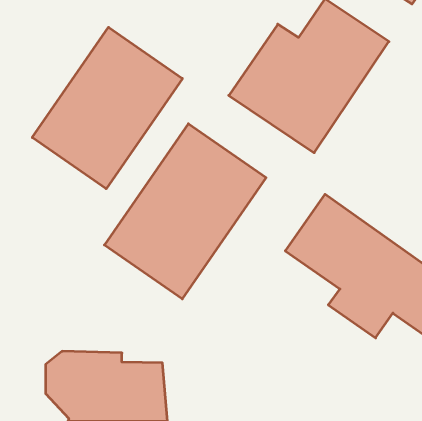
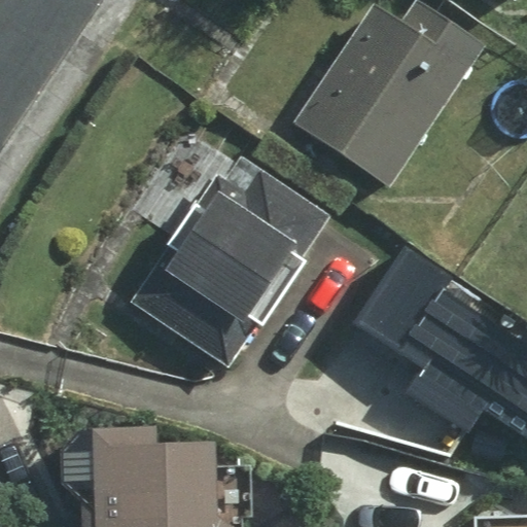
building: [32,27,182,189] -> none

